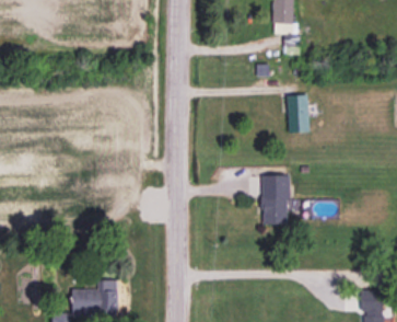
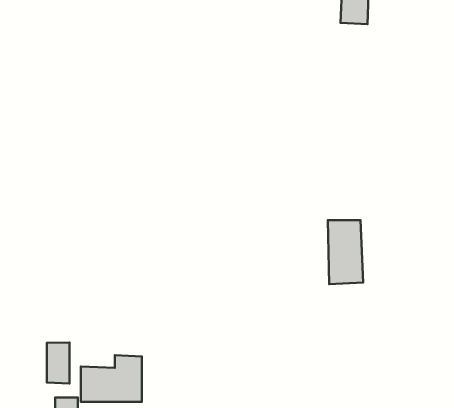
building: [287,94,308,133] -> none
building: none -> [47,342,69,384]

